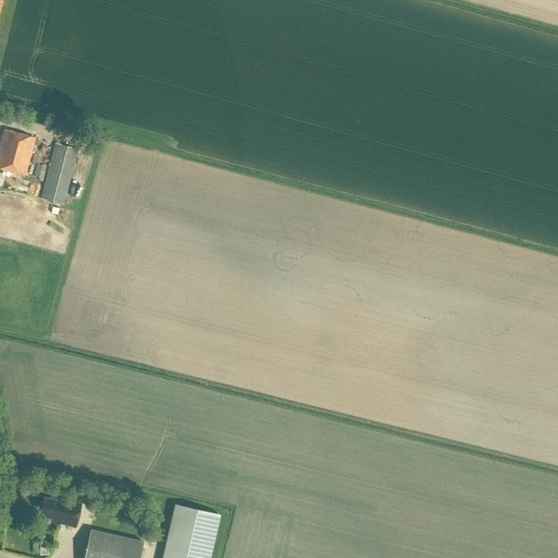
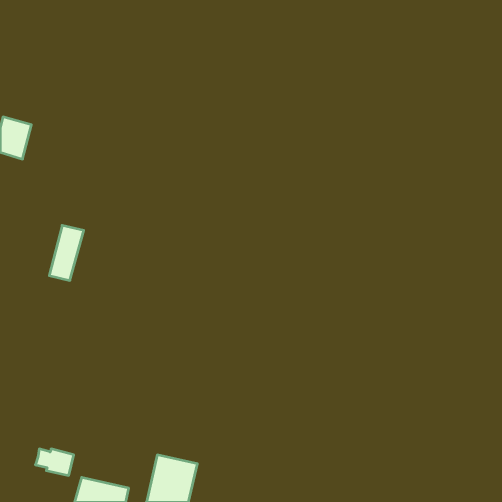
building: [40,144,78,205] -> [49,225,84,280]

